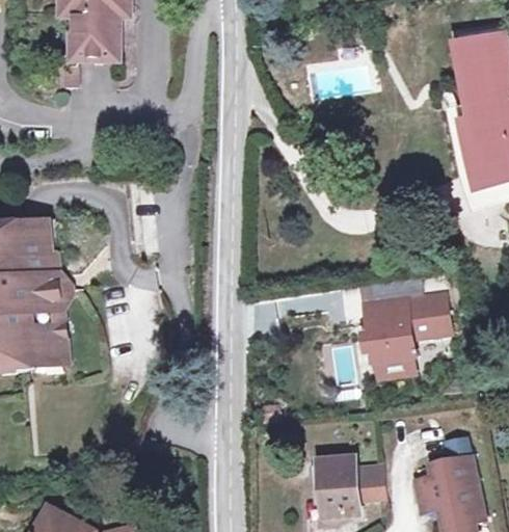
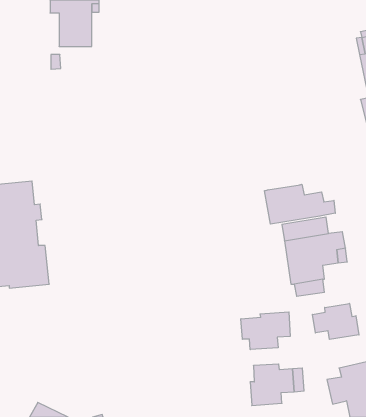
building: none -> [264,184,335,224]
building: none -> [312,303,359,339]
building: none -> [241,312,290,350]

